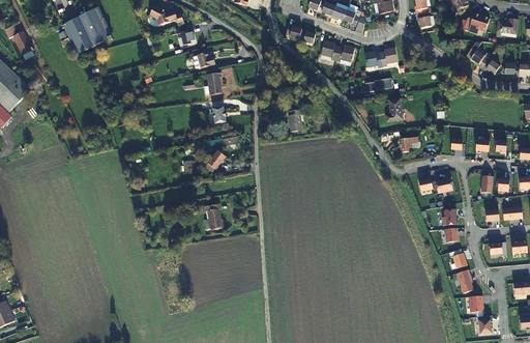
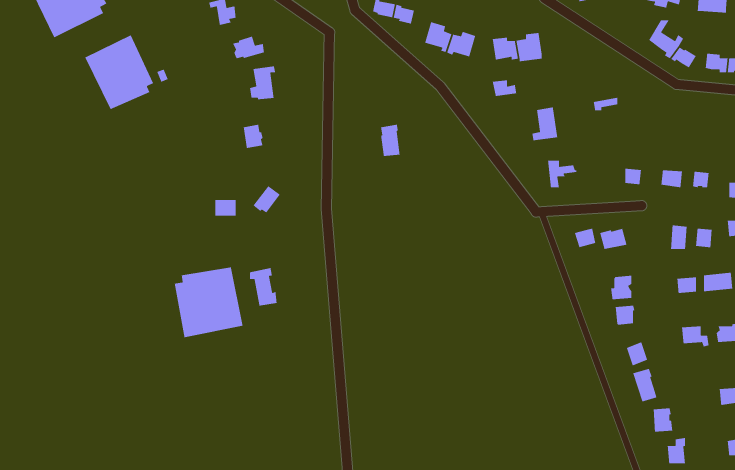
building: none -> [84,34,154,110]
building: none -> [174,267,243,338]

